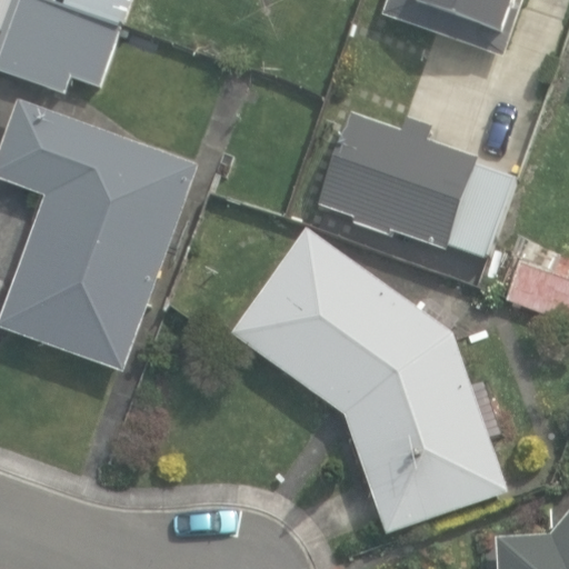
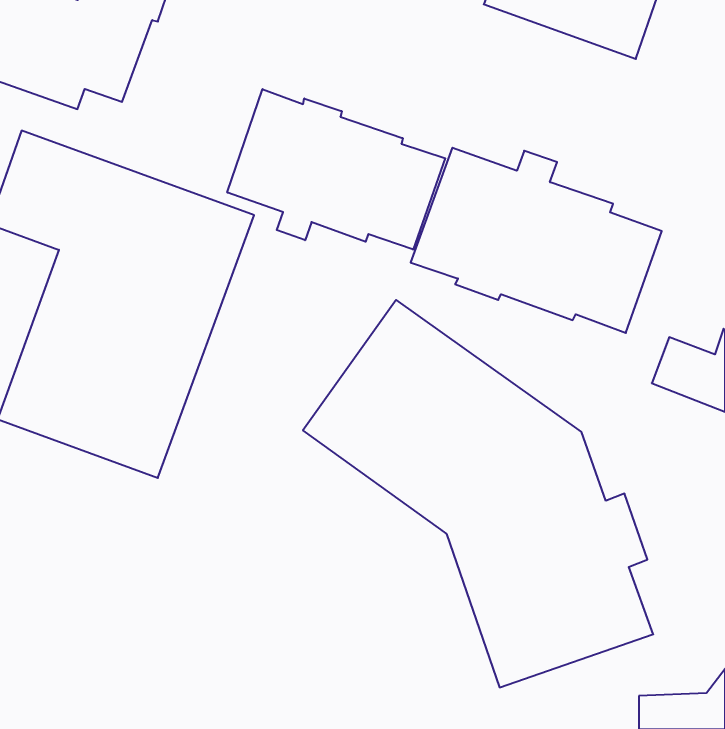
building: none -> [227,89,445,250]

